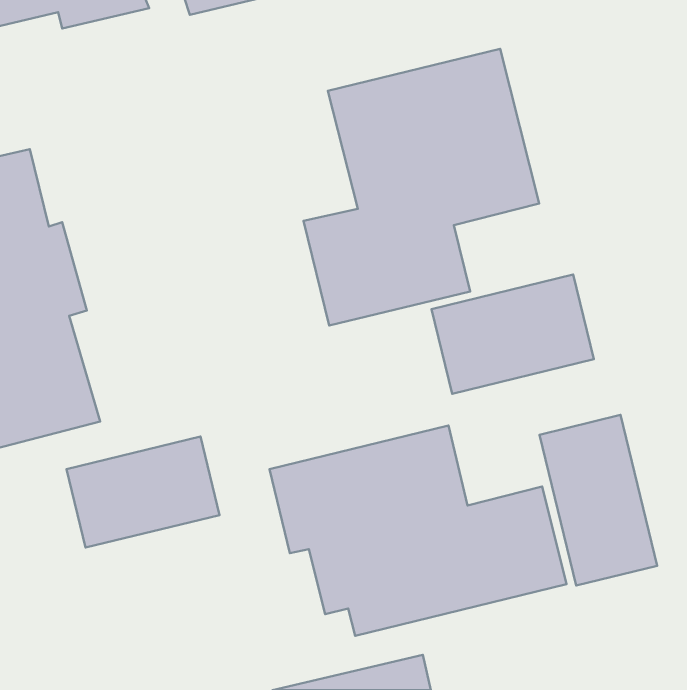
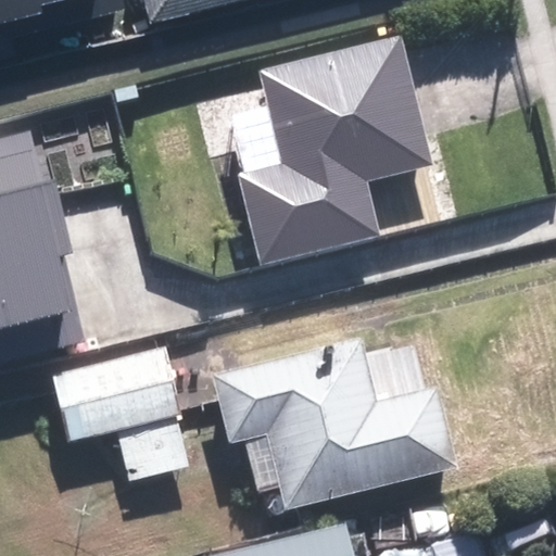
building: [431,275,594,394] -> none
building: [540,415,657,585] -> none

